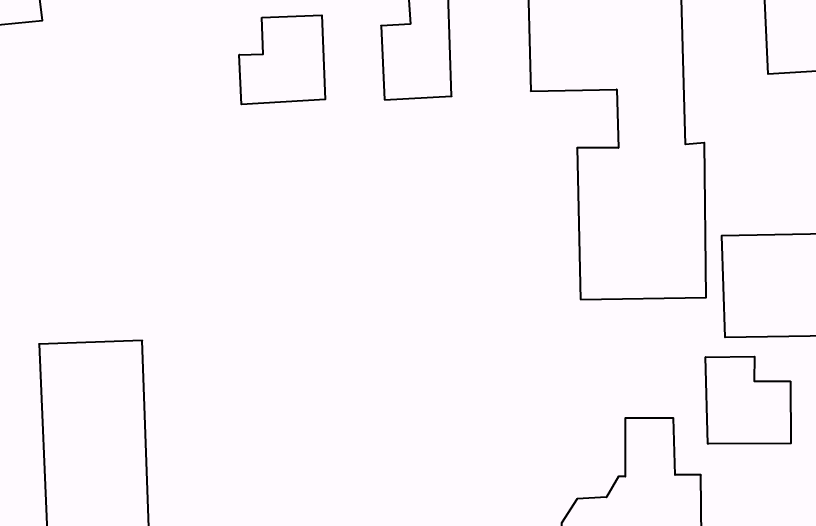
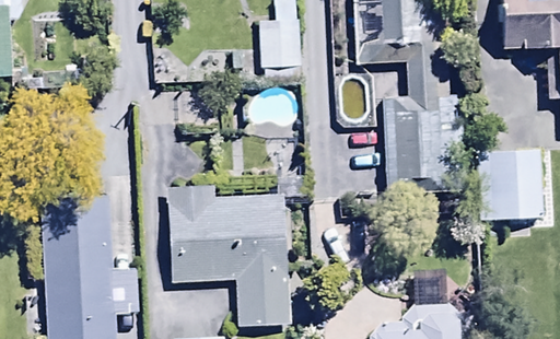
building: [239,15,325,104] -> none
building: none -> [168,186,291,328]
building: [706,357,791,444] -> none

